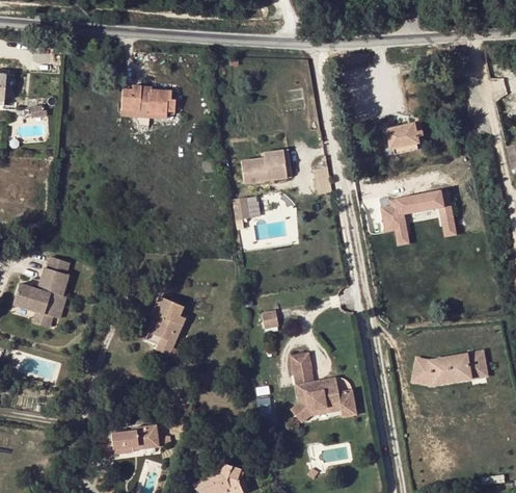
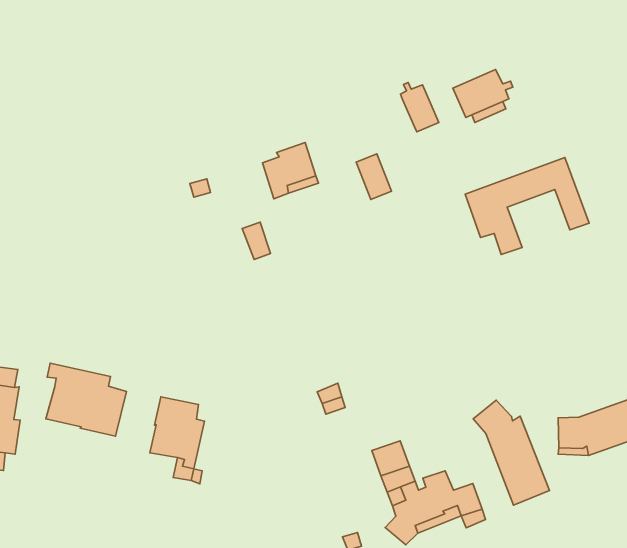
building: [120,85,175,118] -> none
building: none -> [400,83,439,132]
building: none -> [46,363,126,436]
building: none -> [473,400,549,505]

